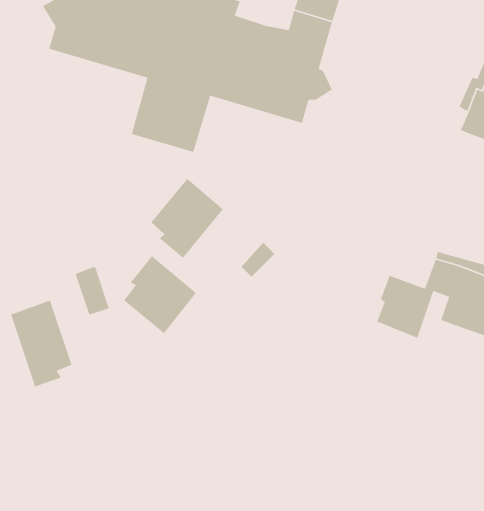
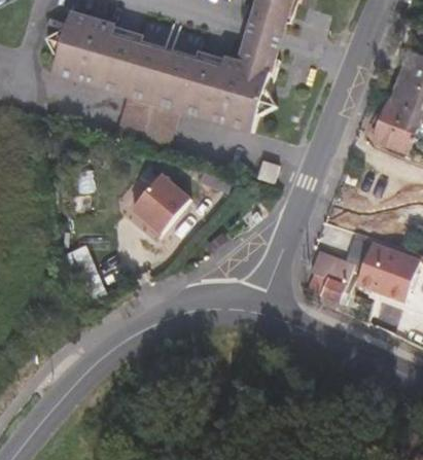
building: [123,255,197,334] -> none
building: [10,299,73,387] -> none

